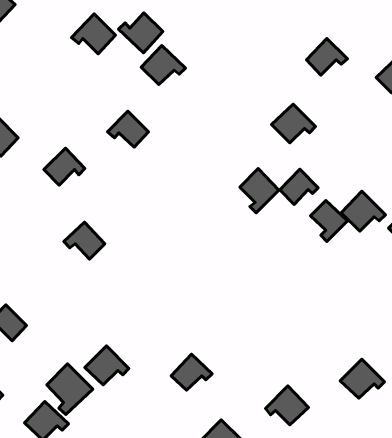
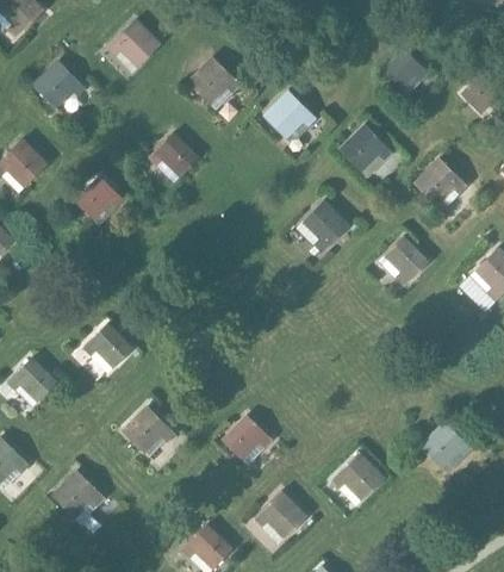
building: [119,13,163,53] -> none
building: none -> [33,62,85,107]
building: none -> [263,92,315,137]
building: [280,169,318,204] -> none
building: [341,191,385,231] -> [415,157,466,204]
building: [64,222,105,259] -> [83,324,131,367]
building: [47,364,93,415] -> none

